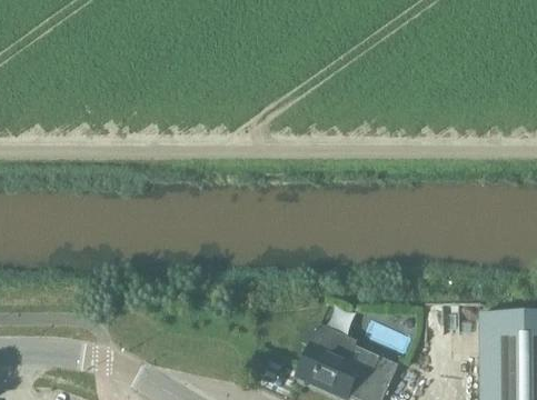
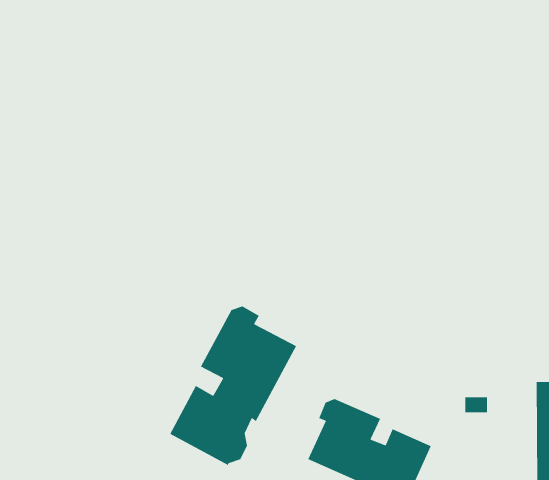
building: none -> [169,306,297,466]

